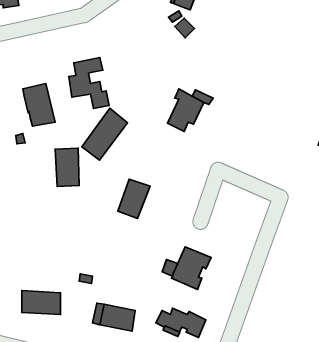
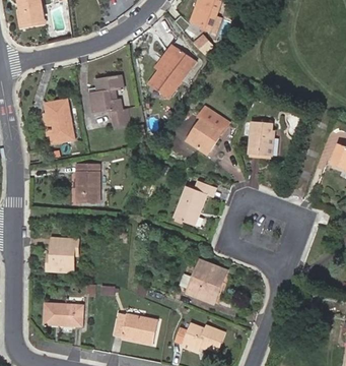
building: none -> [250,121,273,156]
building: [82,108,128,160] -> [149,47,194,98]
building: [118,179,150,219] -> [176,187,207,226]
building: none -> [45,234,76,273]

